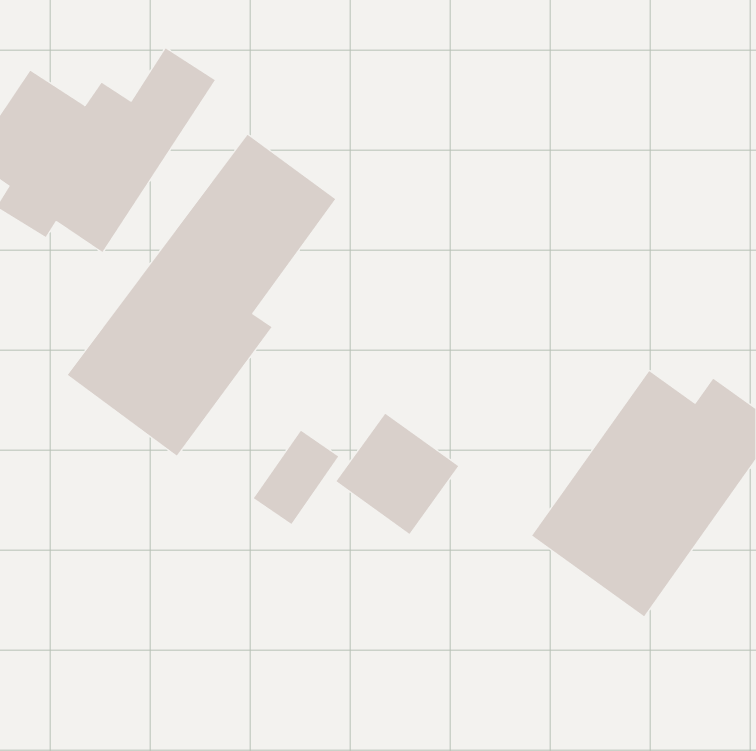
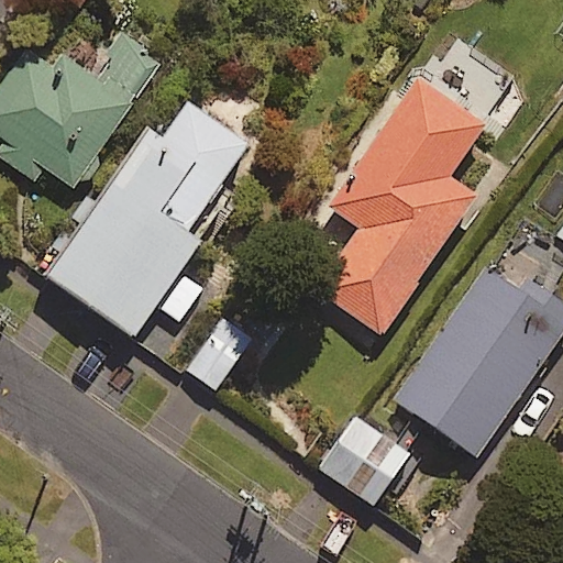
building: none -> [313,88,507,335]
building: [336,413,459,535] -> [319,416,410,506]

